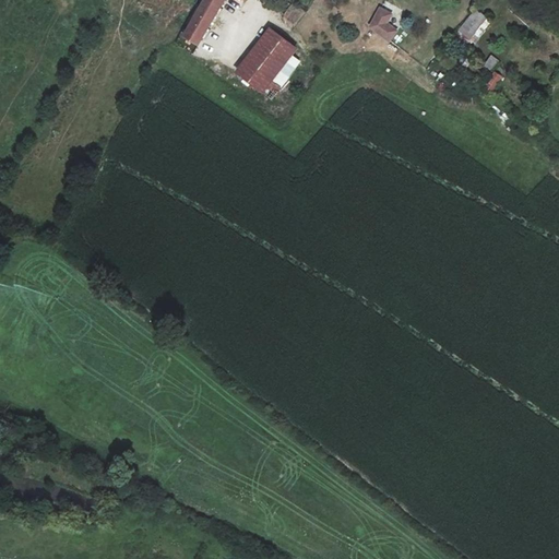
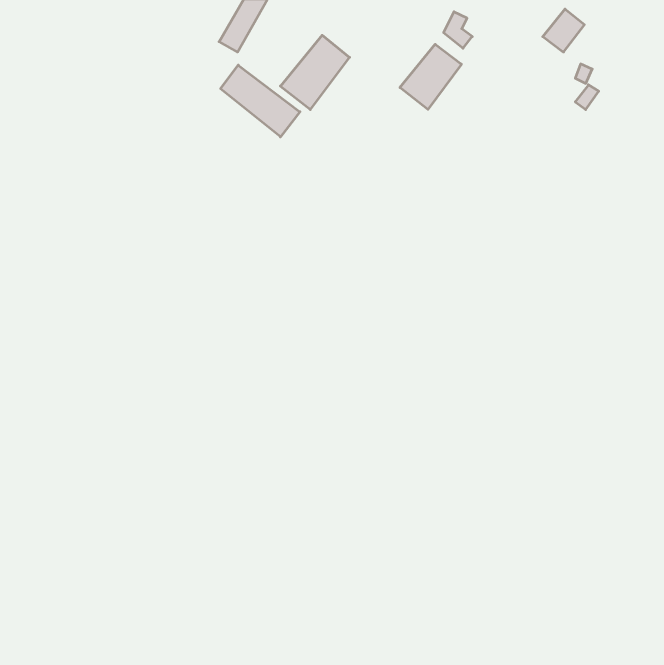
building: none -> [400,44,461,109]
building: none -> [221,65,300,137]

